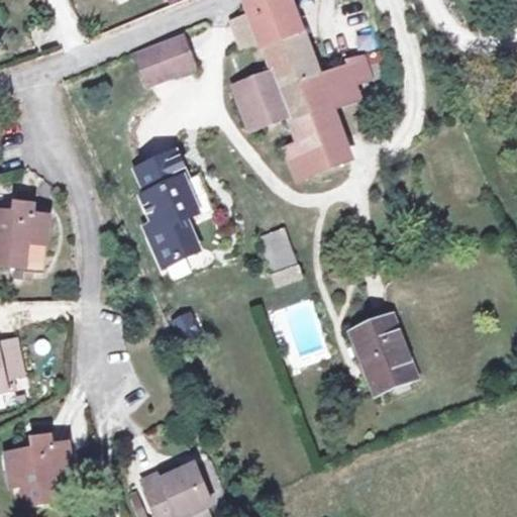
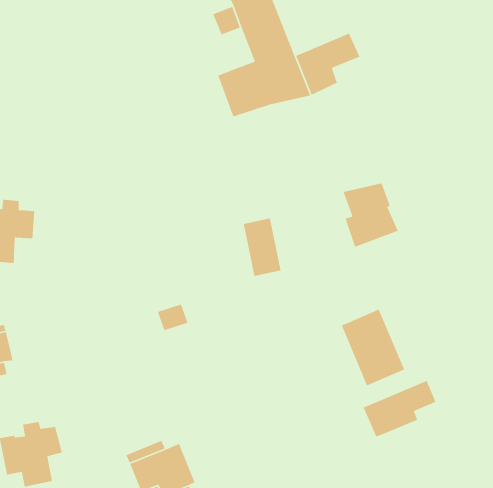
building: [130,36,191,85] -> none
building: [288,103,345,170] -> [343,183,399,248]
building: [139,152,198,266] -> none
building: none -> [362,380,437,438]

